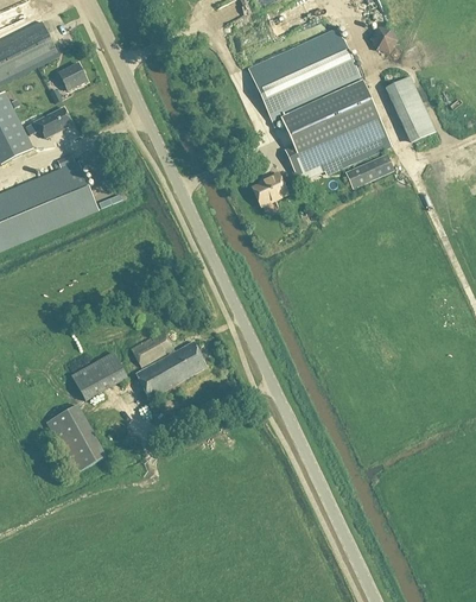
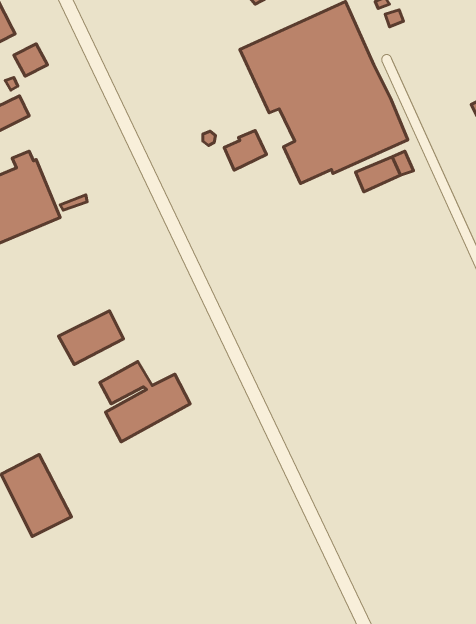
building: [387,76,434,141] -> none
building: [252,172,287,205] -> [224,131,267,170]
building: [71,355,126,400] -> [59,311,124,364]

